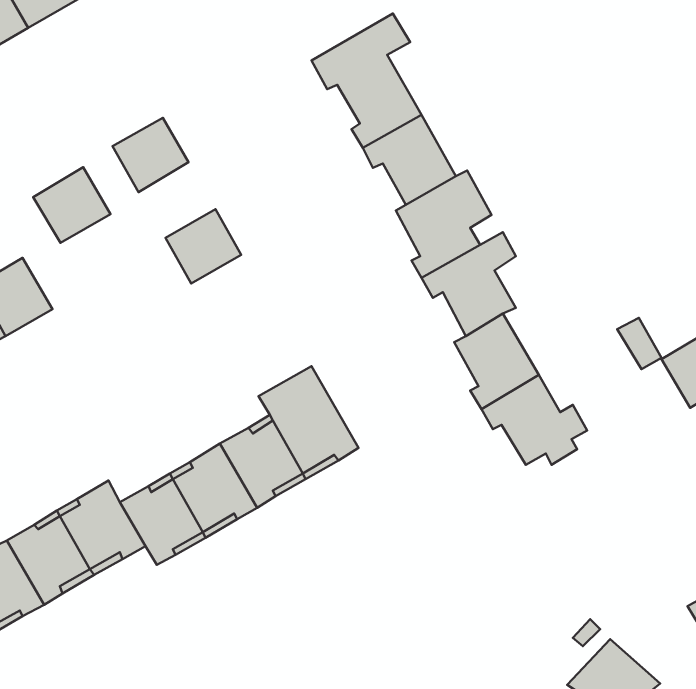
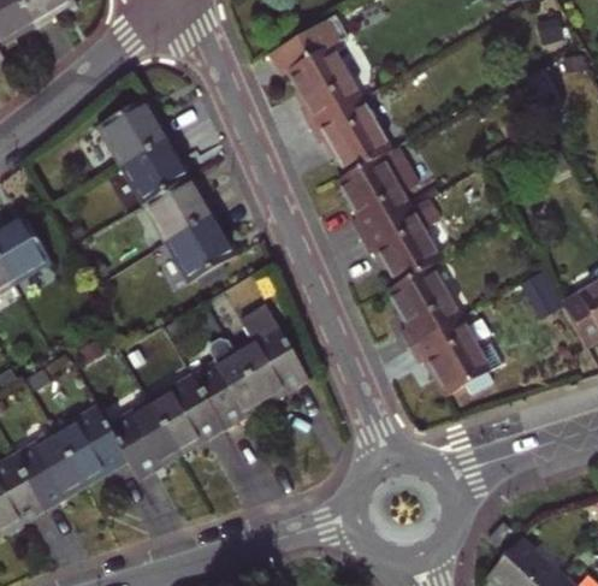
building: [33,167,110,243] -> [123,137,188,201]
building: none -> [167,215,232,280]

